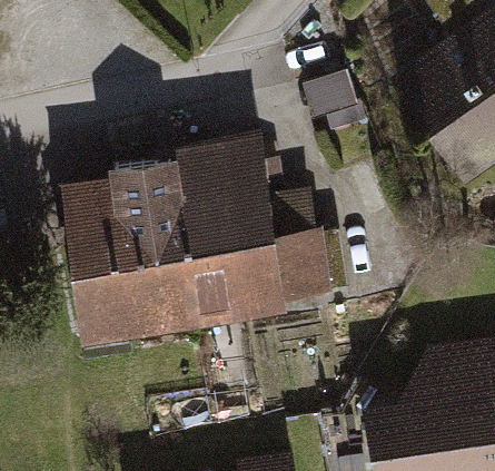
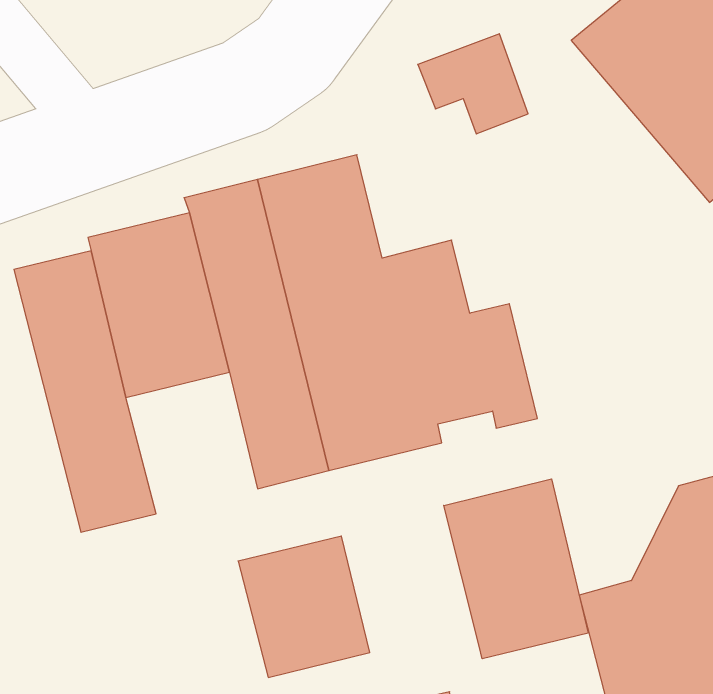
building: [111,257,182,335] -> [238,536,370,677]
building: none -> [444,479,588,659]

